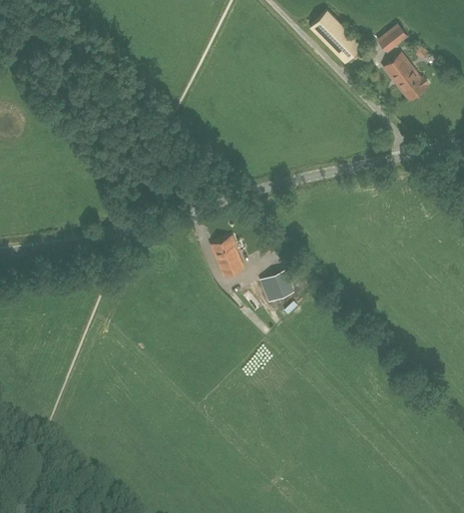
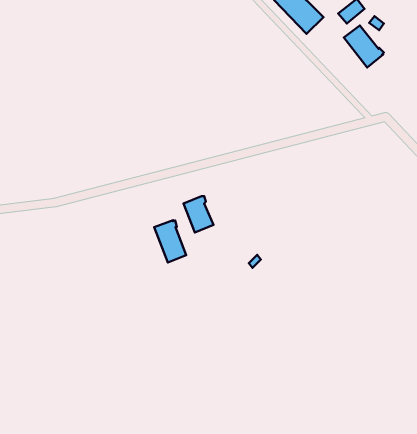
building: none -> [154,220,186,263]
building: [258,270,291,301] -> none

